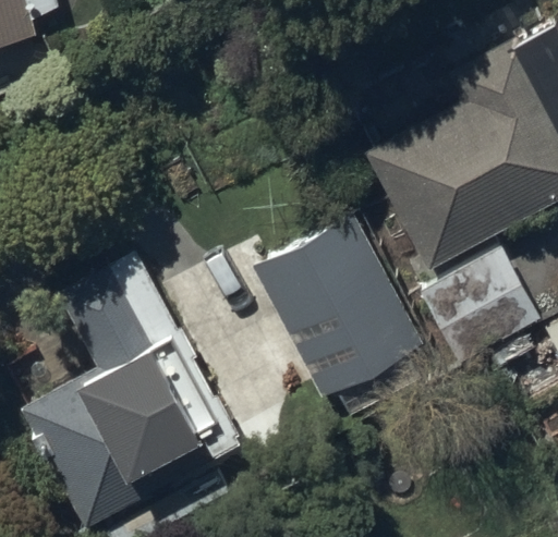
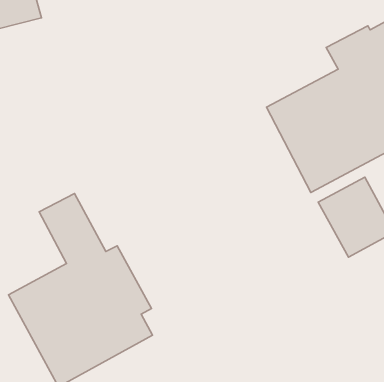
building: [253,213,421,398] -> none

